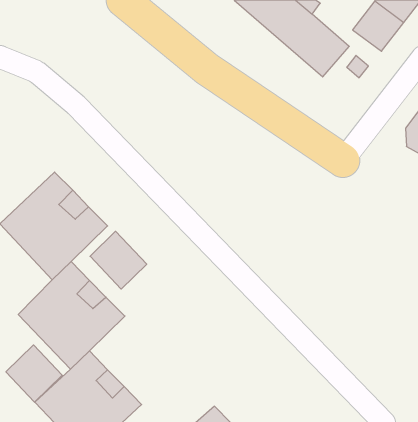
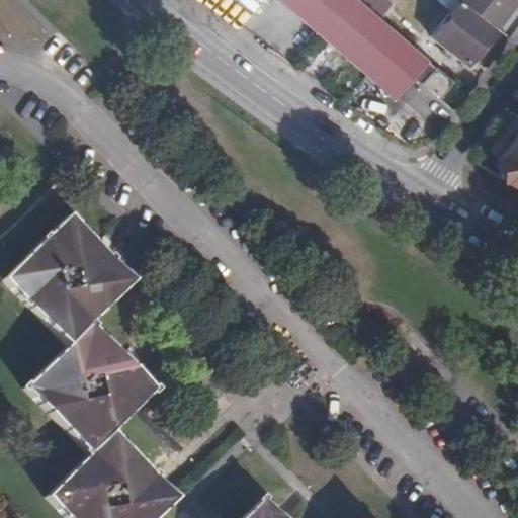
building: [90,231,147,289] -> none
building: [6,345,62,402] -> none

